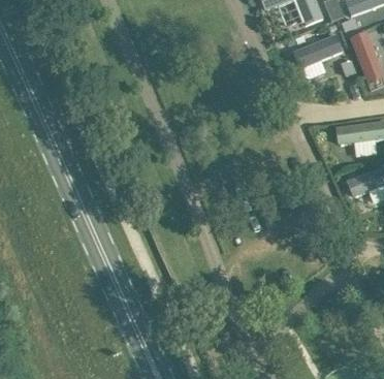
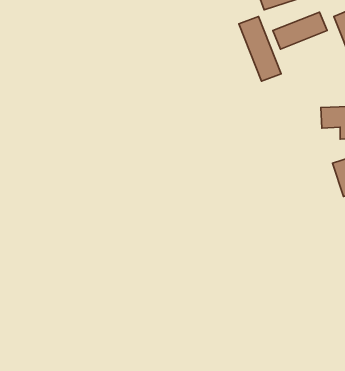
building: none -> [239,16,281,81]

